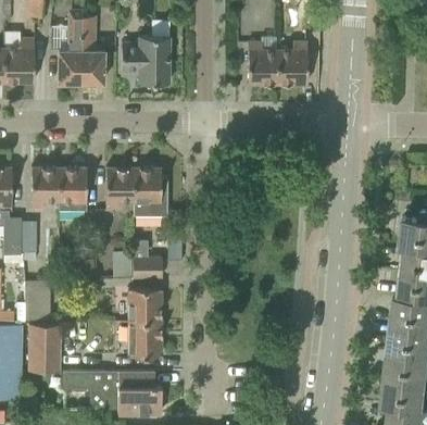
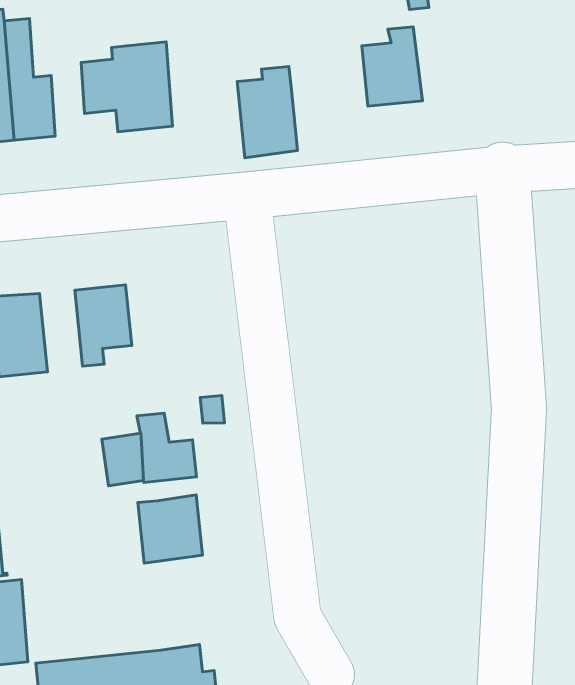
building: [248,37,277,85] -> [237,66,298,158]
building: [134,168,167,216] -> none
building: [128,322,161,355] -> none

